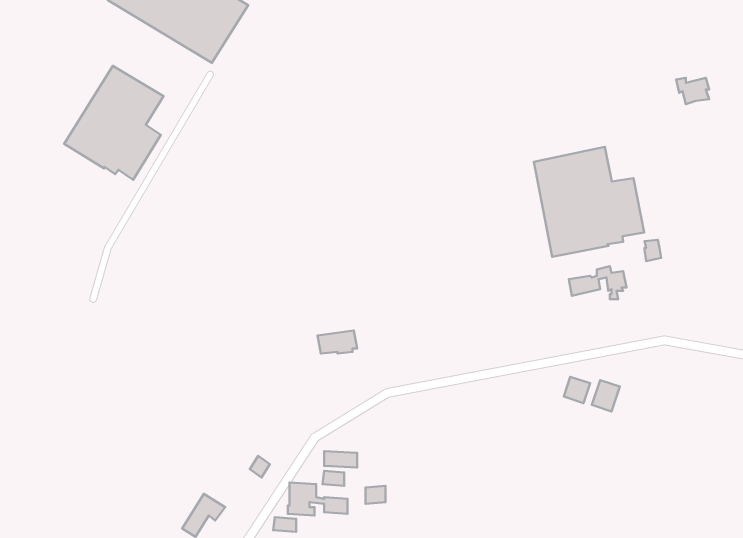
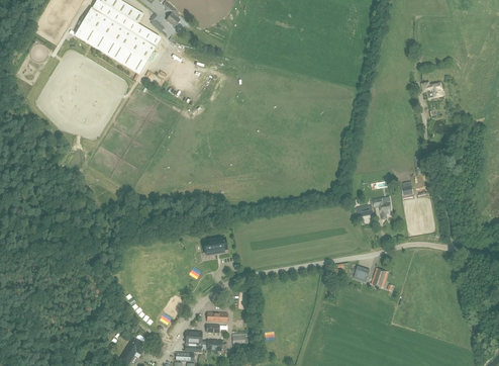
building: [64,66,163,180] -> none
building: [534,147,644,257] -> none

